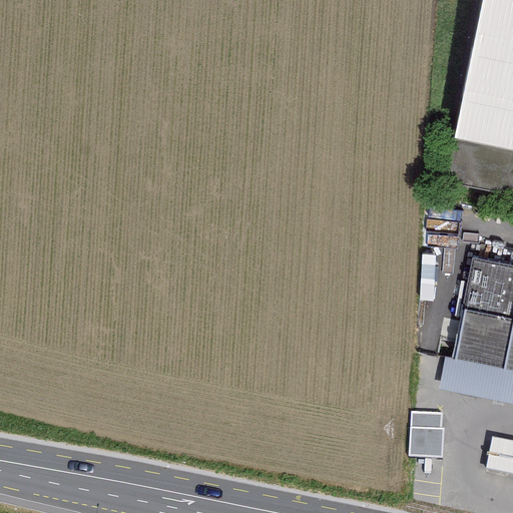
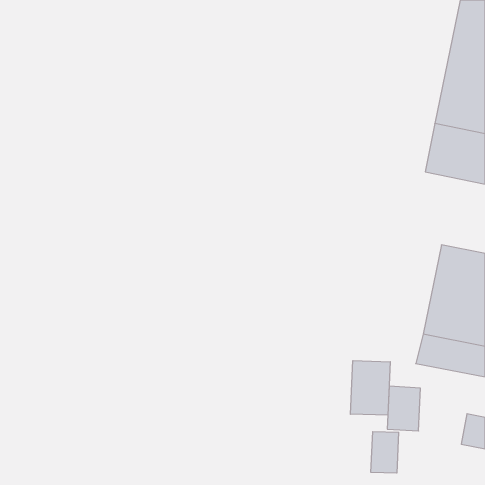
building: none -> [350,361,390,415]
building: none -> [371,432,399,473]

